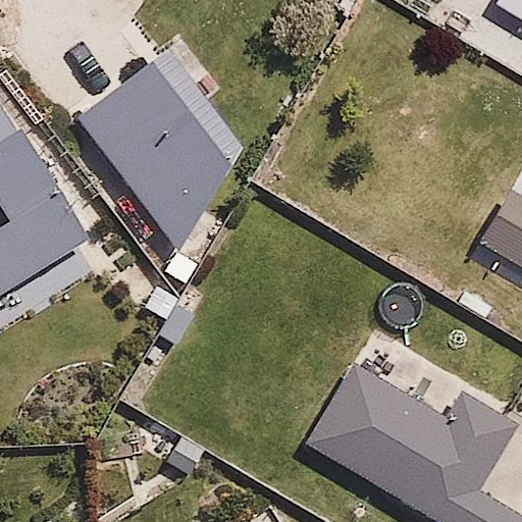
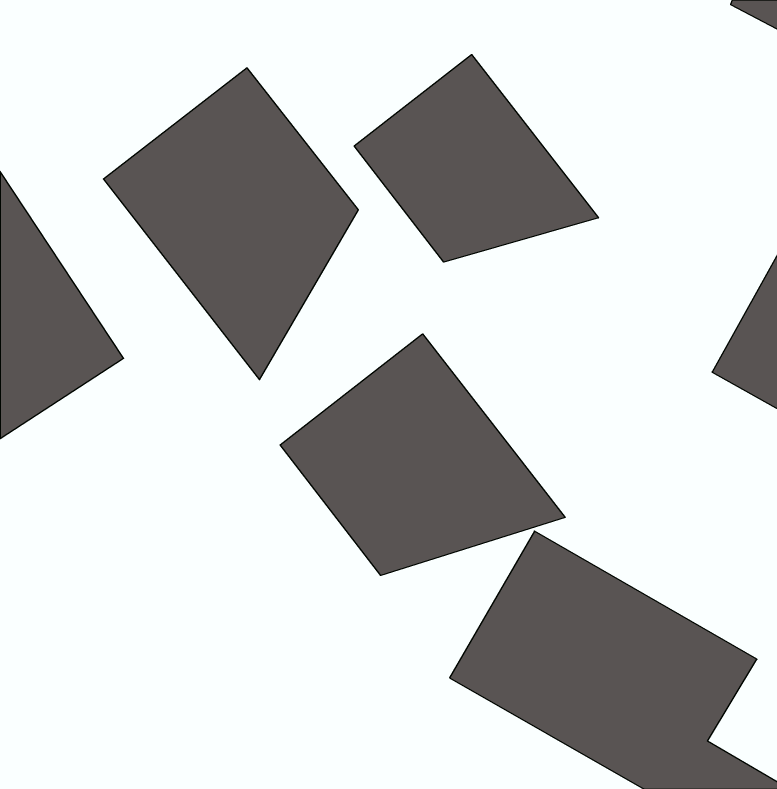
building: none -> [354,55,598,262]
building: none -> [280,334,565,575]

